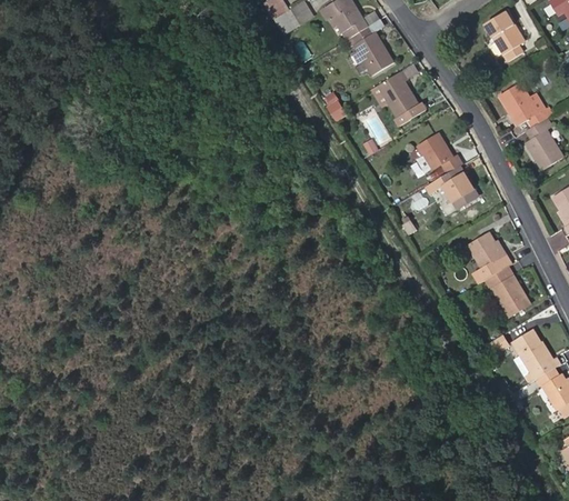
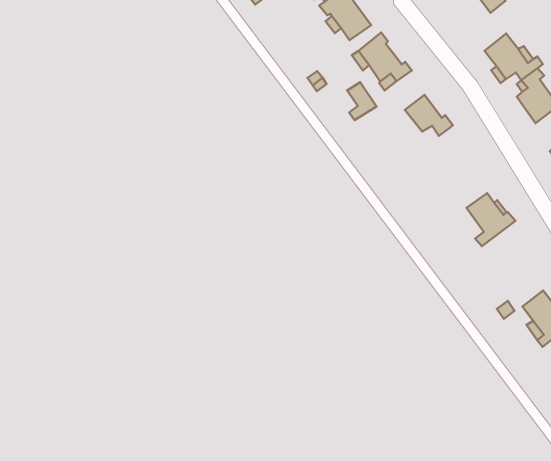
building: [438,167,477,209] -> none
building: [483,264,529,315] -> none

